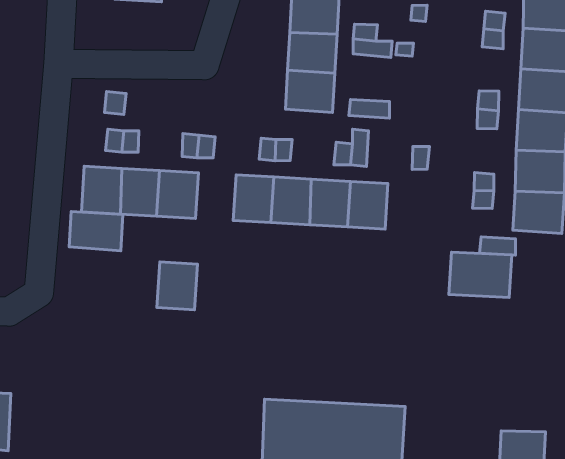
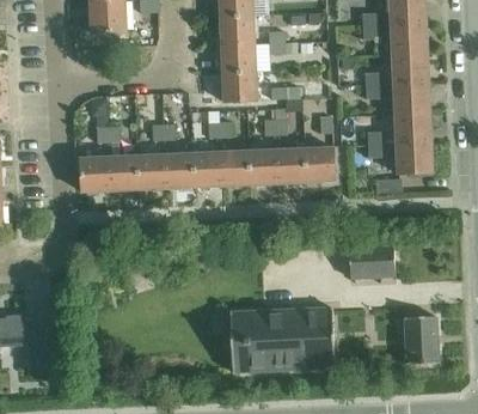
building: none -> [302,146,333,181]
building: [69,212,123,251] -> none
building: [449,252,512,297] -> [348,246,393,280]
building: [157,262,197,310] -> [164,152,192,187]

